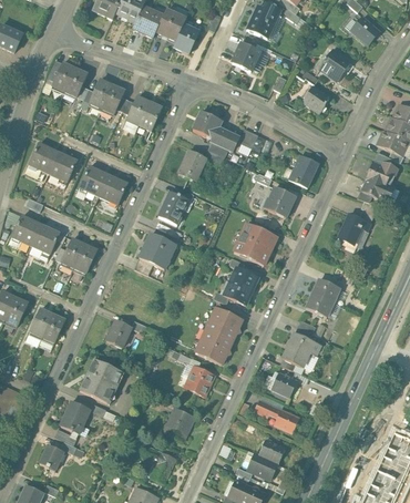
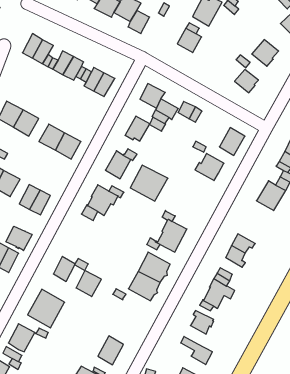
building: [234,223,277,264] -> [130,165,168,201]
building: none -> [6,226,32,251]
building: [185,366,214,396] -> [76,270,101,297]

